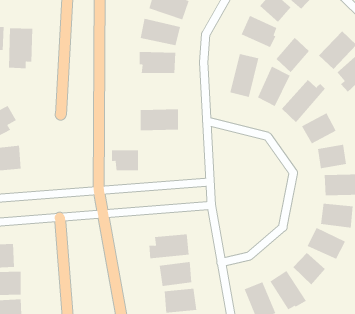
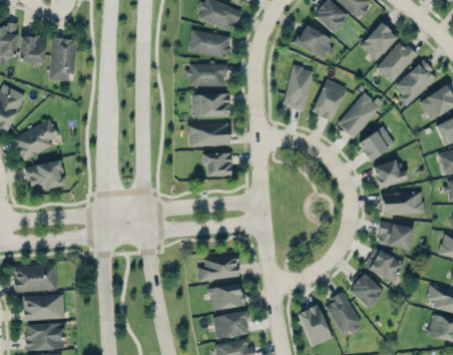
building: [275,37,310,73] -> [361,22,397,60]
building: none -> [192,93,229,116]
building: [111,150,139,171] -> [202,153,232,175]

